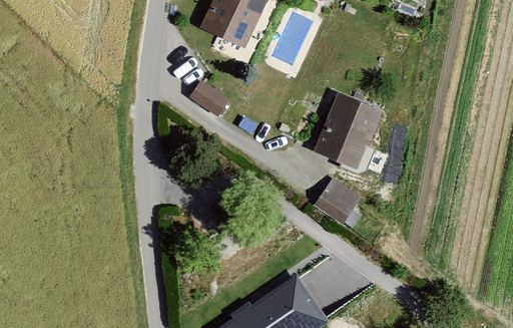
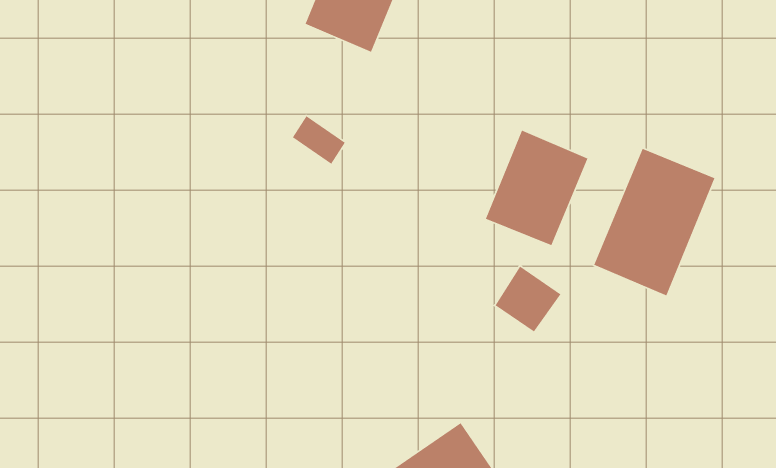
building: none -> [593,148,716,296]

